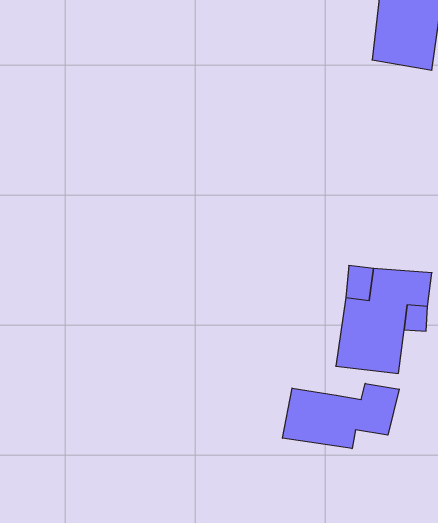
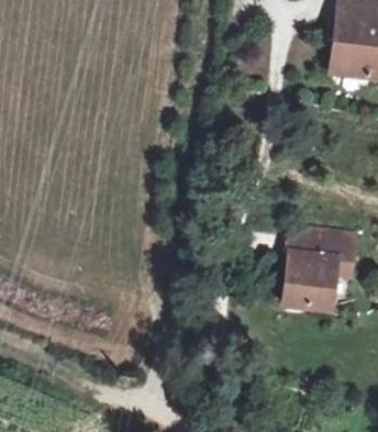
building: [283,383,399,449] -> none

